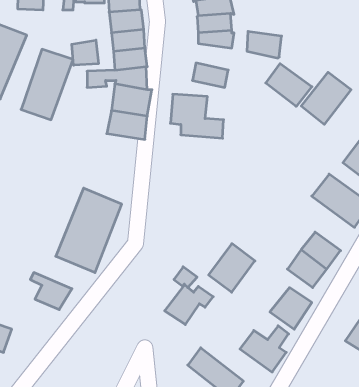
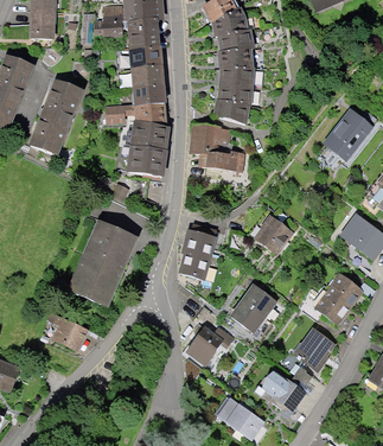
building: [247,31,282,58] -> [216,76,251,103]
building: [72,40,98,65] -> none
building: [266,64,312,106] -> none
building: none -> [251,212,292,253]
building: none -> [173,223,221,283]

